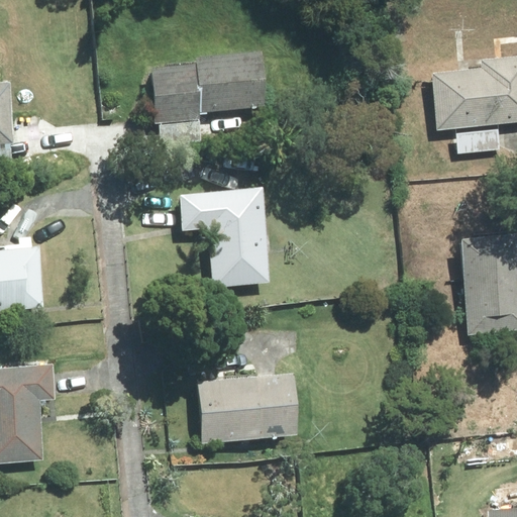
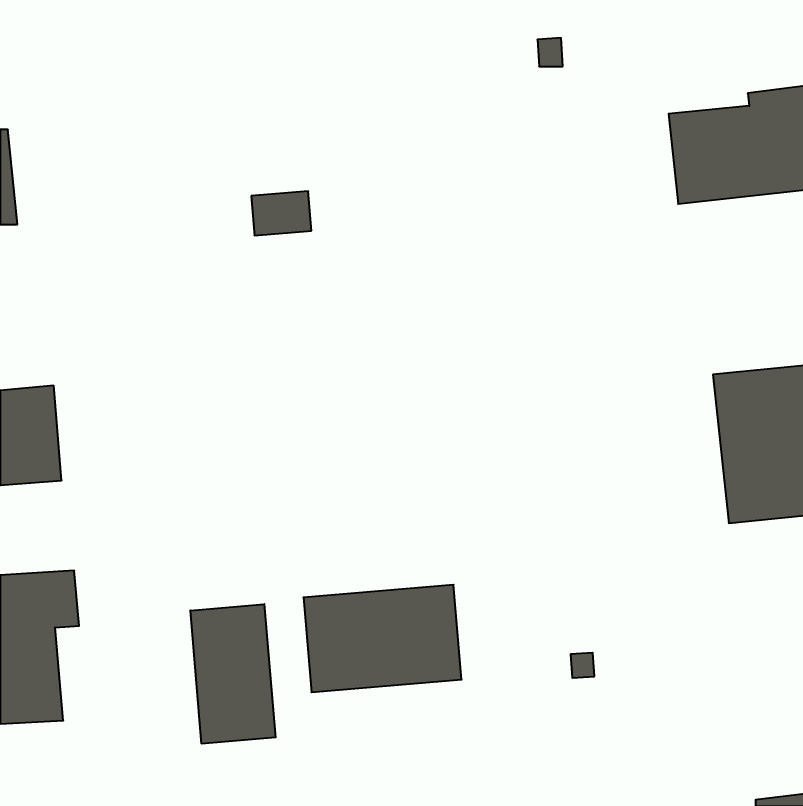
building: [149,50,265,123] -> none
building: [179,188,269,287] -> none
building: none -> [190,604,276,744]

